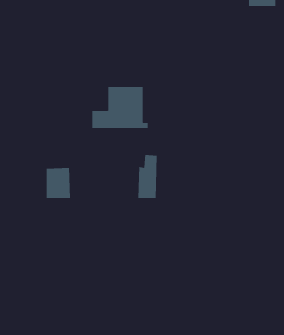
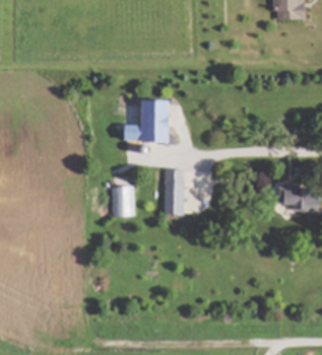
building: [46,167,71,198] -> [116,185,141,216]
building: none -> [277,191,308,210]

